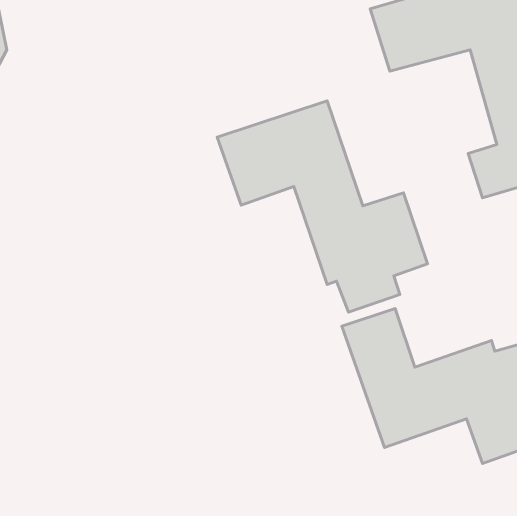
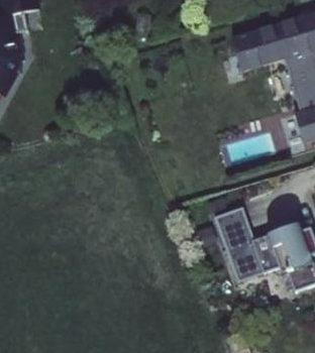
building: [217,101,427,312] -> none

